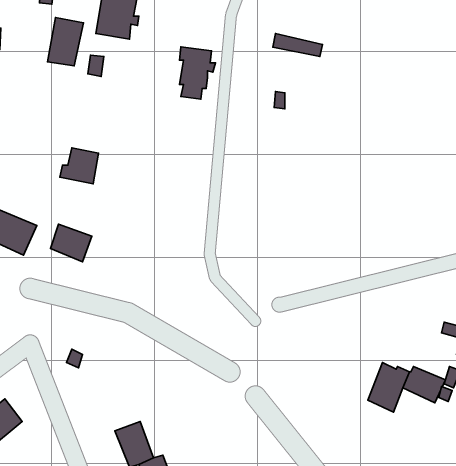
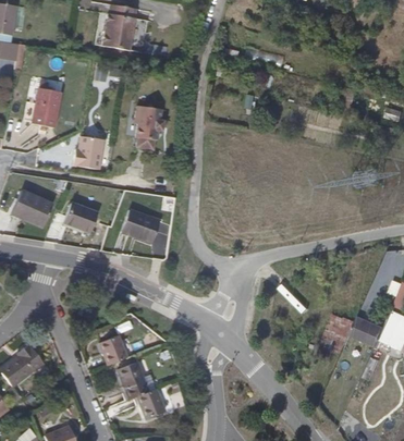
building: [47,18,84,66] -> [33,87,62,126]
building: [179,47,216,99] -> [142,108,171,150]
building: none -> [121,208,160,242]
building: none -> [99,334,127,365]

